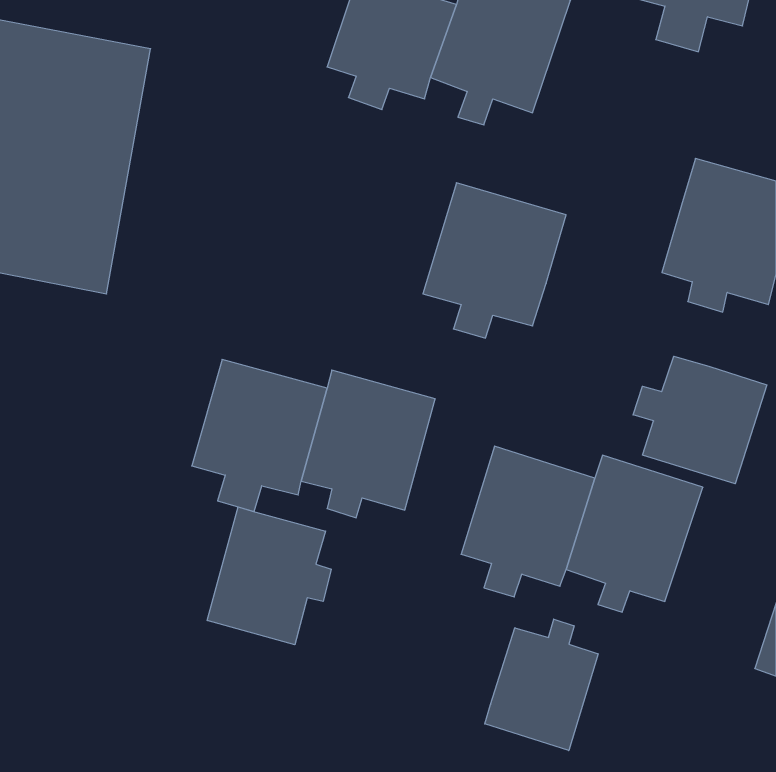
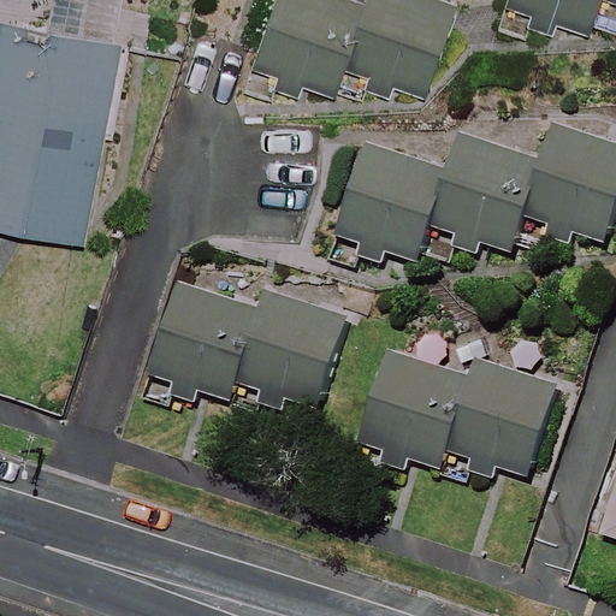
building: none -> [432,135,540,253]
building: [633,356,767,484] -> none
building: [207,507,331,645] -> none
building: [485,619,598,751] -> none

